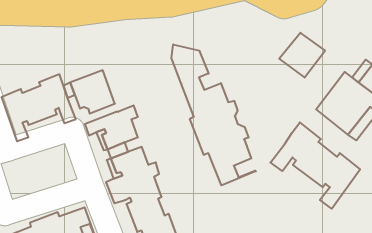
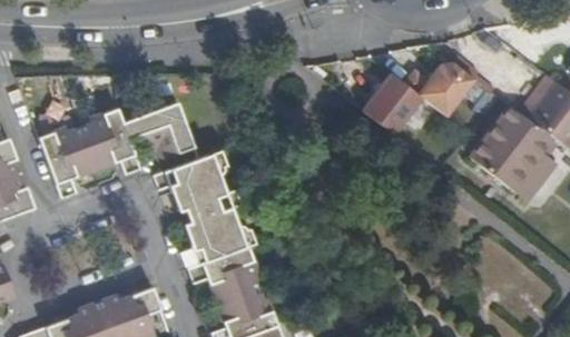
building: [171,44,256,185] -> none
building: none -> [364,68,426,130]
building: [270,122,360,209] -> none

